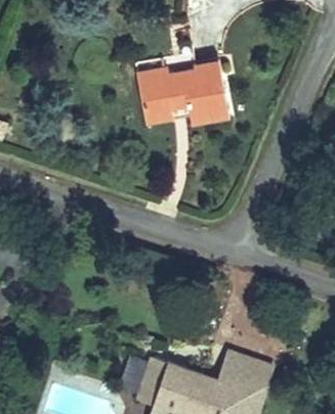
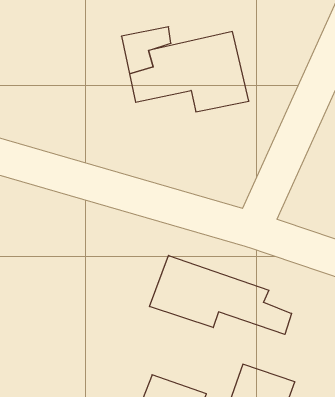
building: none -> [150,255,292,334]

